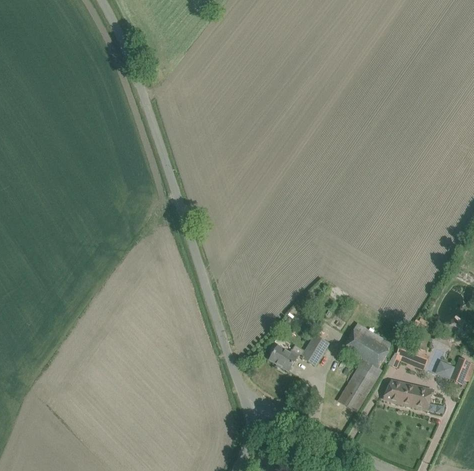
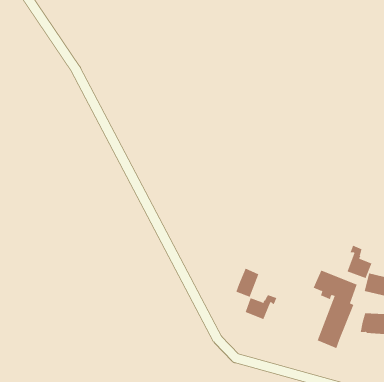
building: none -> [347,245,372,279]
building: [301,334,328,365] -> [236,268,259,297]

